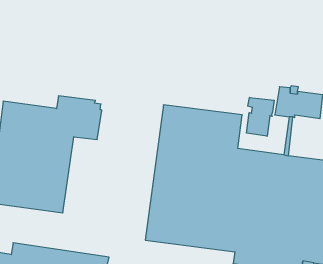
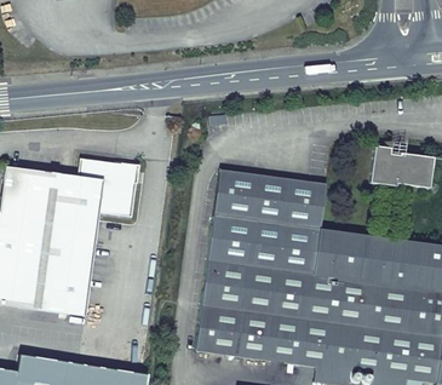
building: [247,97,274,136] -> none

